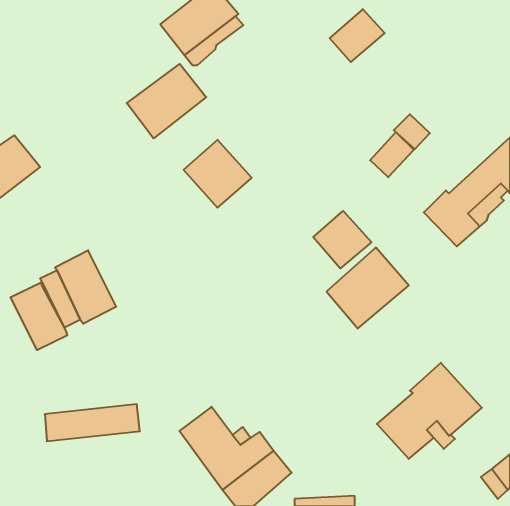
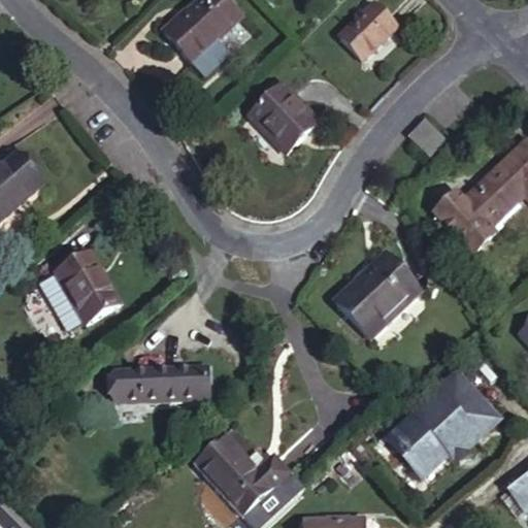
building: [127,64,206,138] -> none
building: [370,132,414,177] -> none
building: [184,140,252,208] -> [248,85,318,155]
building: [313,211,371,268] -> none
building: [11,283,67,350] -> none
building: [45,404,140,441] -> [112,360,210,398]

